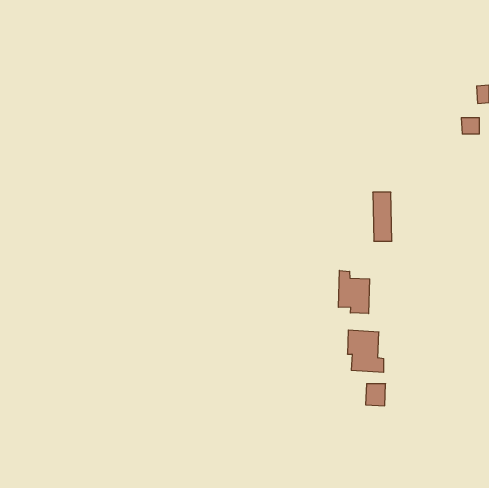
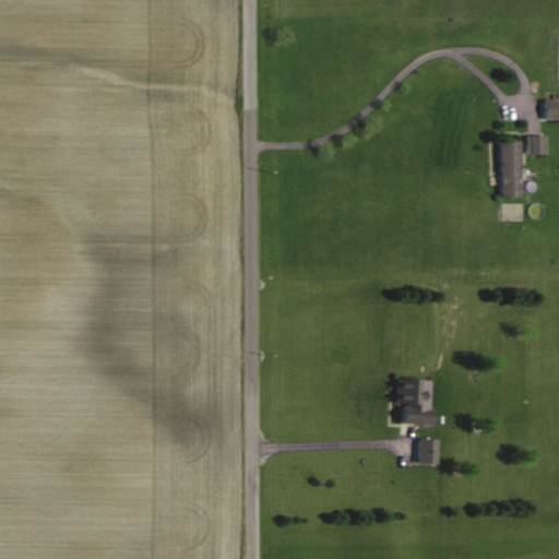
building: [373,192,392,241] -> [500,142,522,198]
building: [338,270,370,314] -> none

